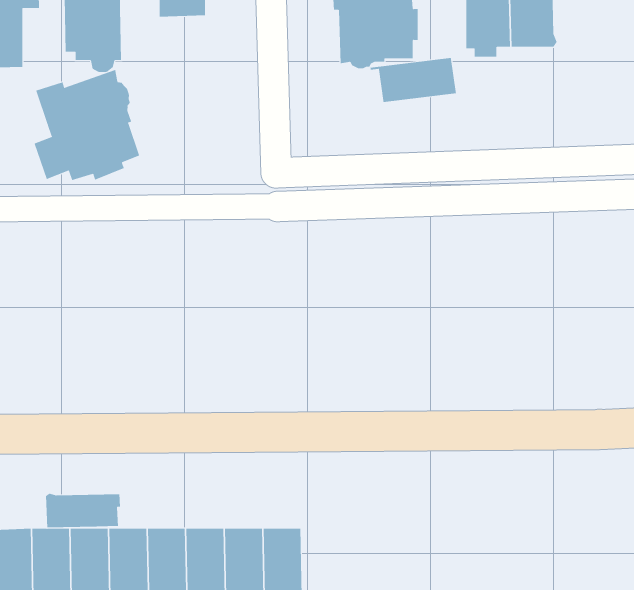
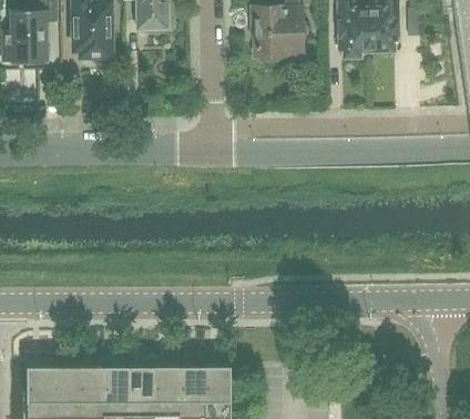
building: [370,57,456,103] -> none
building: [34,69,140,181] -> none
building: [45,493,120,528] -> none

